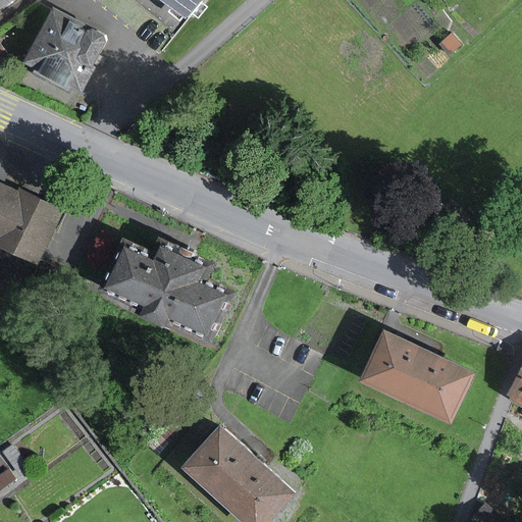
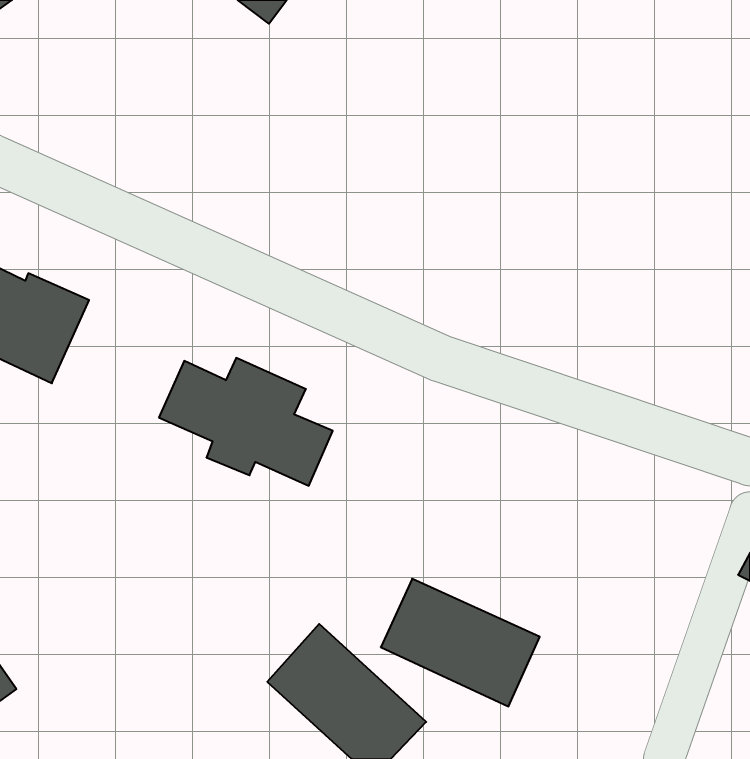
building: [20,12,108,97] -> none
building: [360,331,469,419] -> [381,579,540,706]

